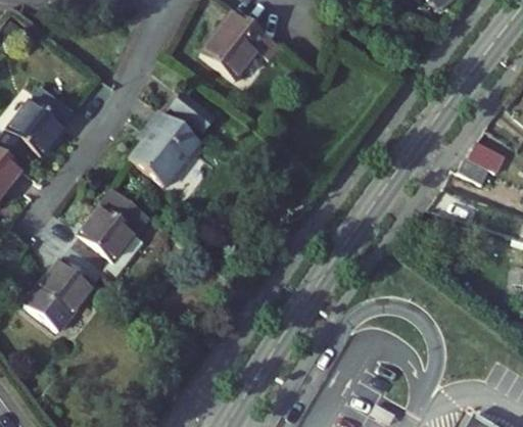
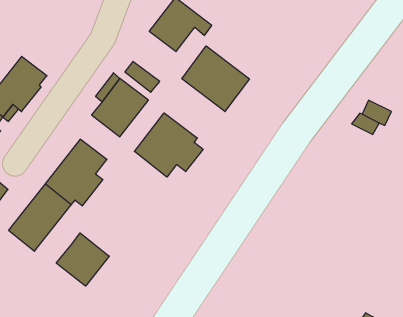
building: none -> [182,46,249,112]
building: none -> [134,113,203,177]
building: none -> [56,233,109,286]

